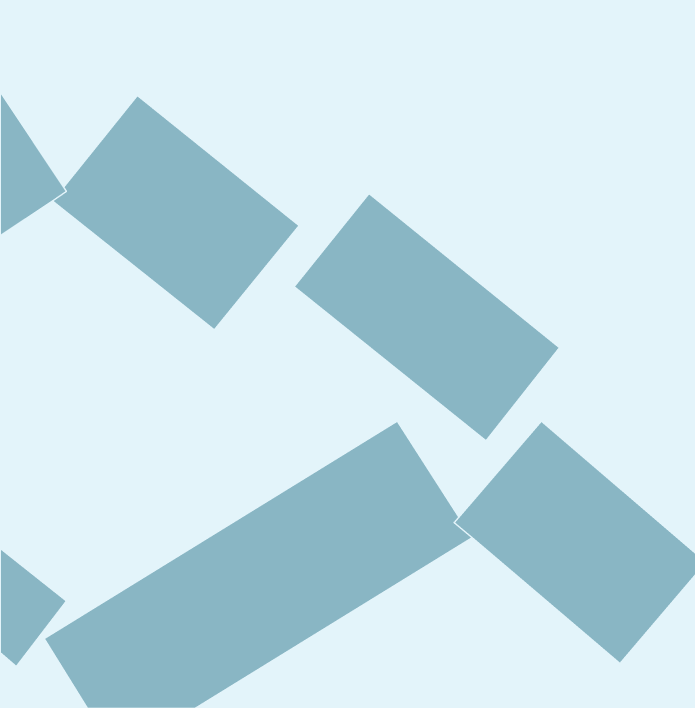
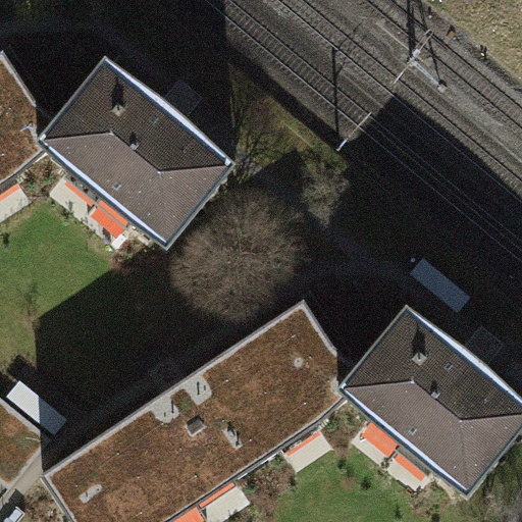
building: [294,193,560,441] -> none

